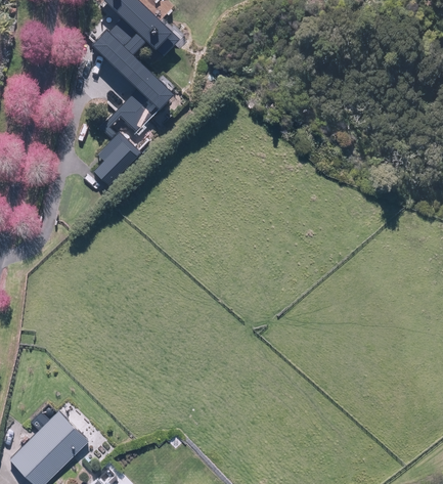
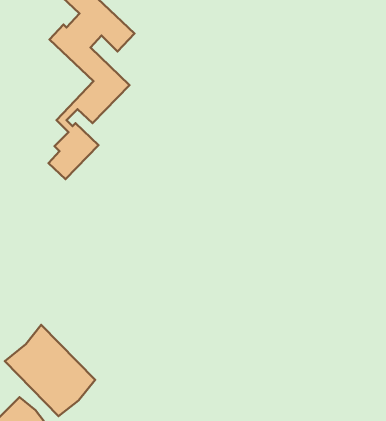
building: none -> [5,325,95,416]

